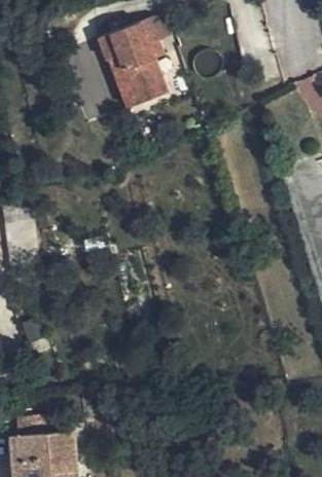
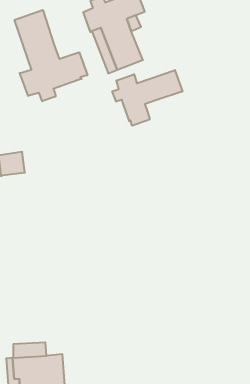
building: none -> [15,10,87,101]
building: none -> [112,70,182,126]

